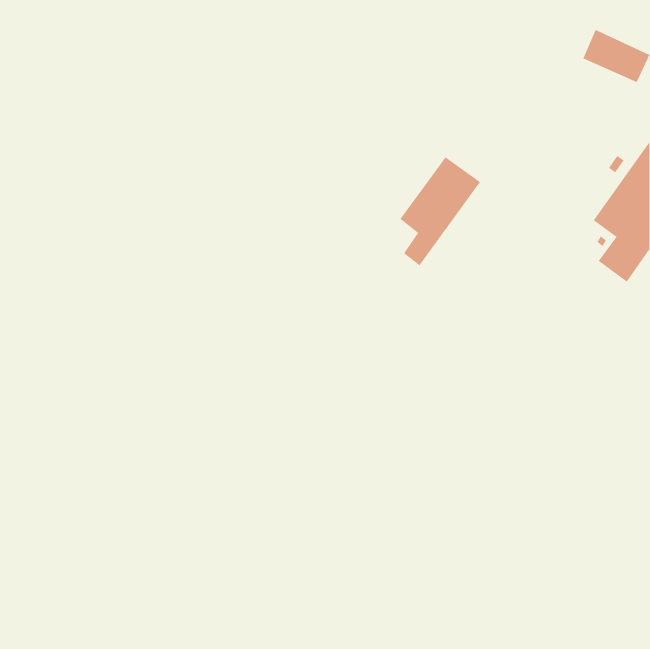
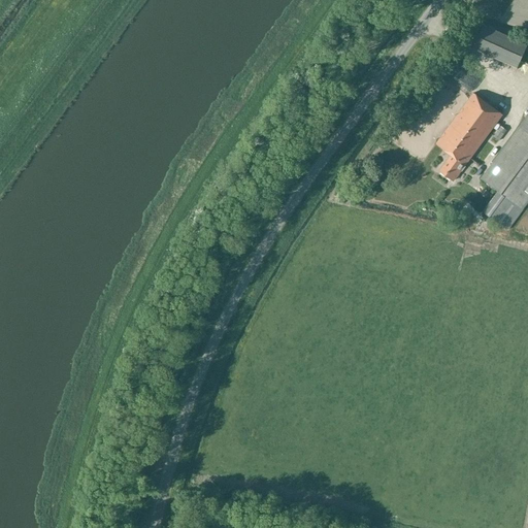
building: [399,157,481,266] -> [436,93,502,182]

